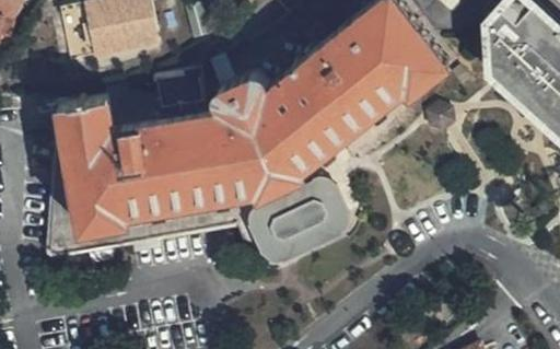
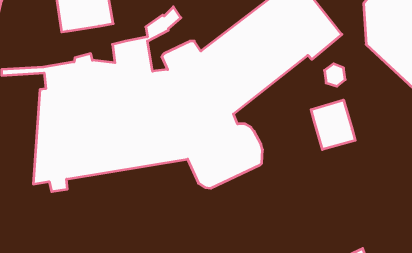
building: none -> [311,100,355,150]

